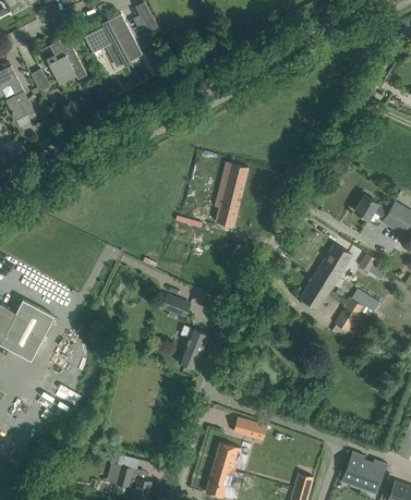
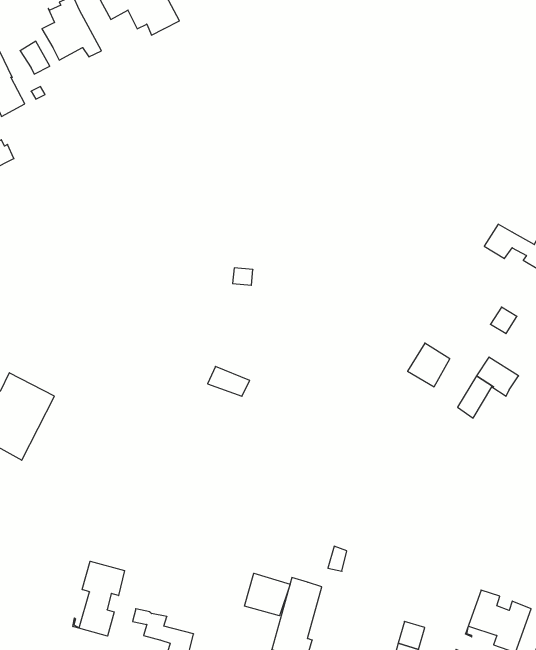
building: [215,162,247,227] -> none
building: [312,244,351,290] -> none
building: [178,326,207,369] -> none
building: none -> [73,561,125,636]
building: none -> [244,573,290,616]

